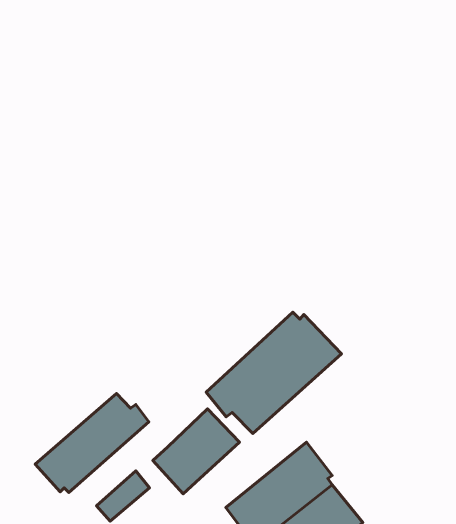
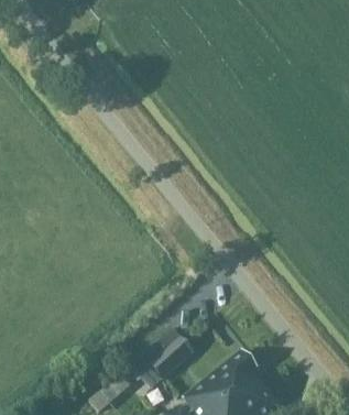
building: [206,312,341,434] -> none
building: [35,394,149,493] -> none

